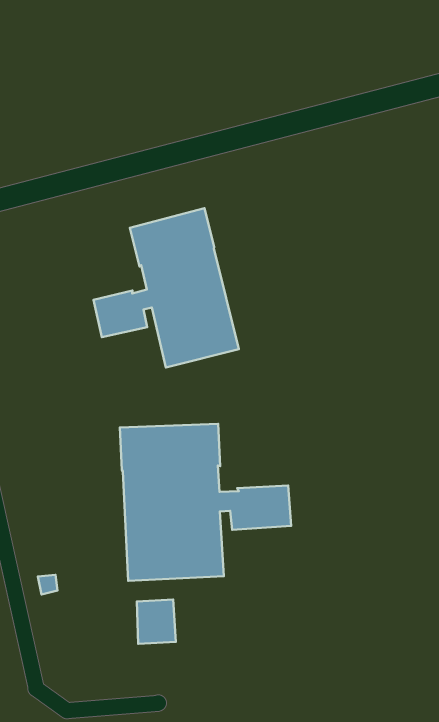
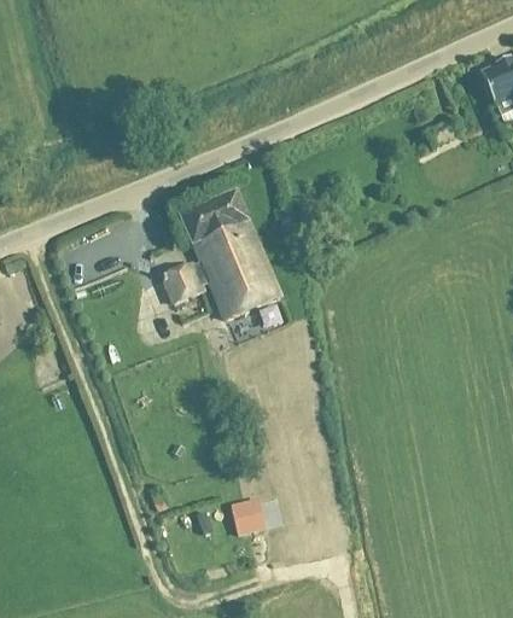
building: [120,424,291,581] -> none

